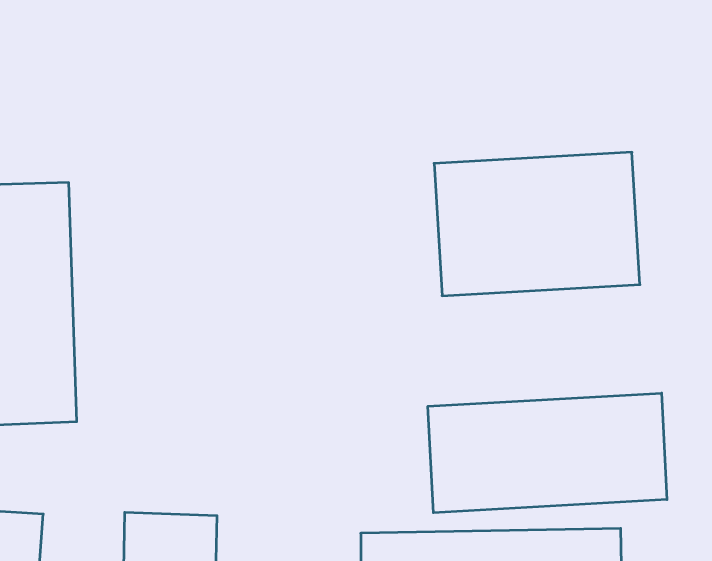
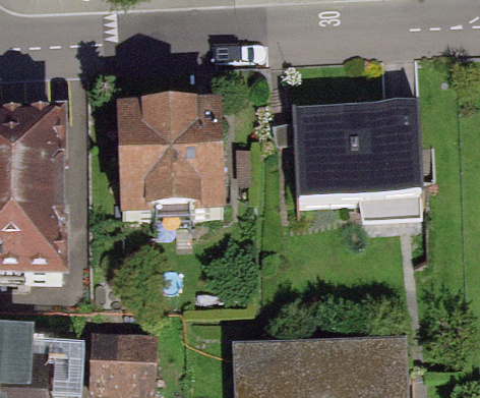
building: none -> [118,109,222,211]
building: [428,393,667,513] -> none

